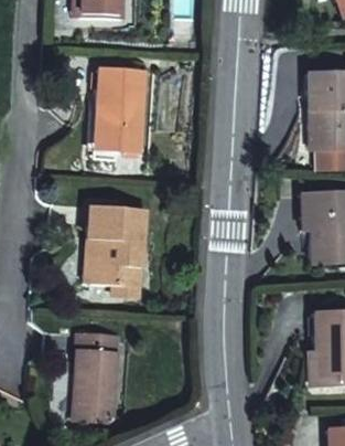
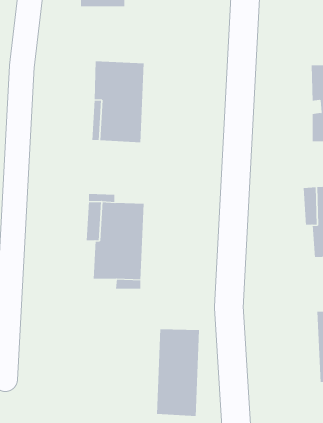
building: [75,335,118,421] -> [156,329,200,417]

